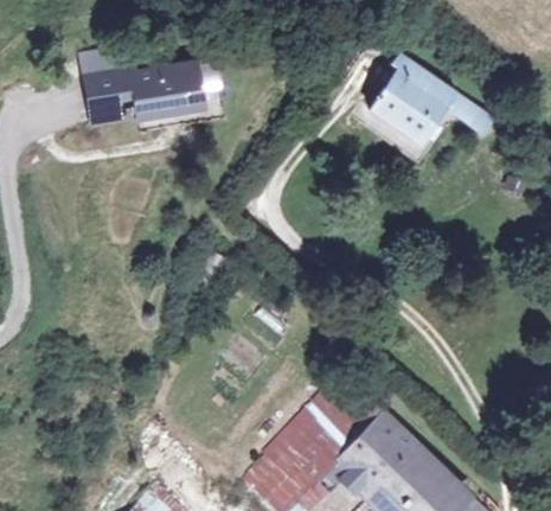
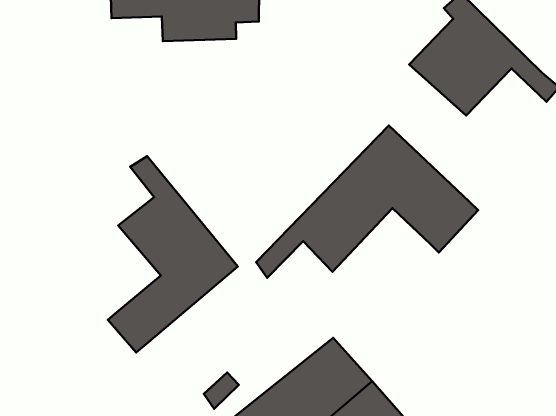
building: none -> [256,126,478,278]
building: none -> [108,156,238,353]

